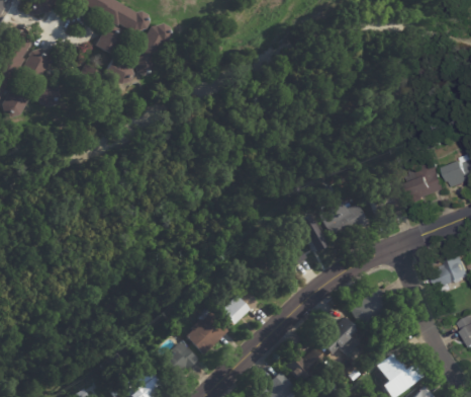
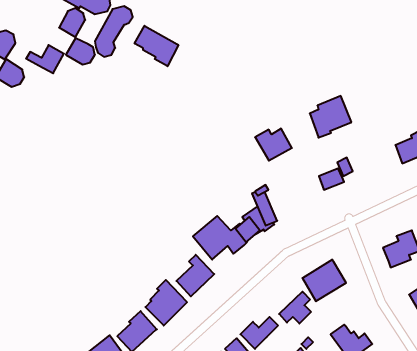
building: none -> [135,26,178,66]
building: [404,161,448,205] -> [310,96,351,138]
building: [329,203,368,236] -> [255,129,292,161]

